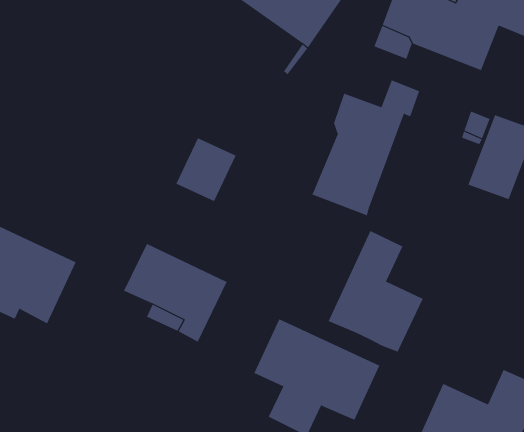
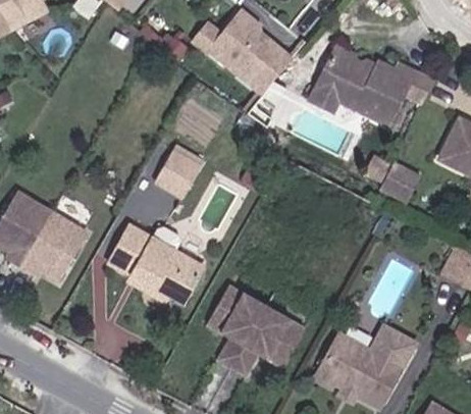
building: [311,79,420,216] -> none
building: [328,230,424,353] -> none

